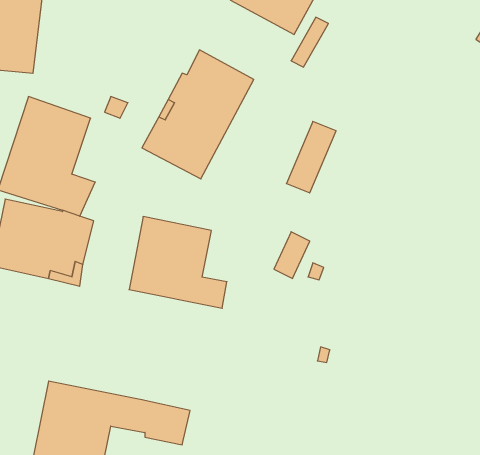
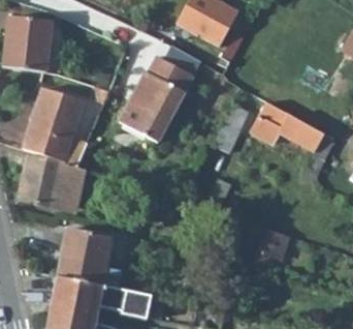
building: none -> [251,101,324,153]
building: [129,217,227,308] -> [57,228,122,289]
building: none -> [247,223,289,257]

